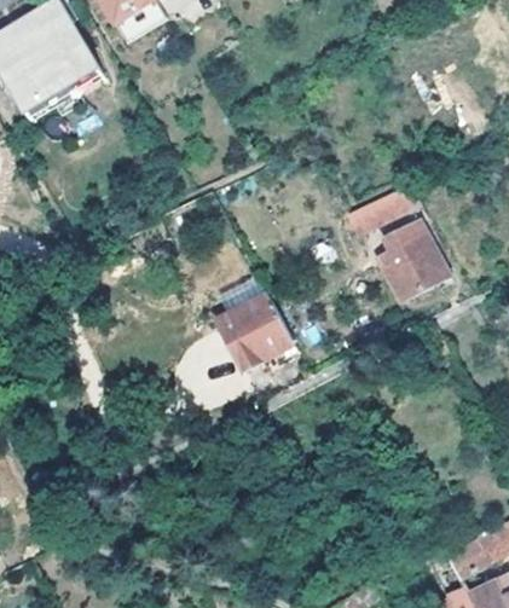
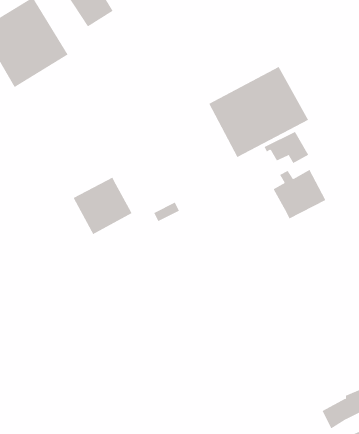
building: none -> [209,66,309,158]
building: [213,293,293,370] -> [73,177,133,235]

